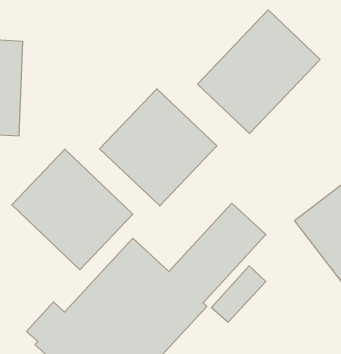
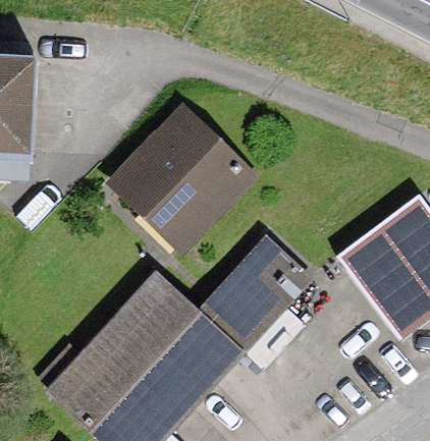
building: [198,10,320,134] -> none
building: [12,149,133,270] -> none

